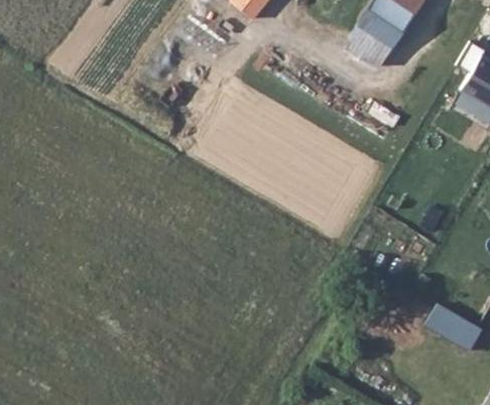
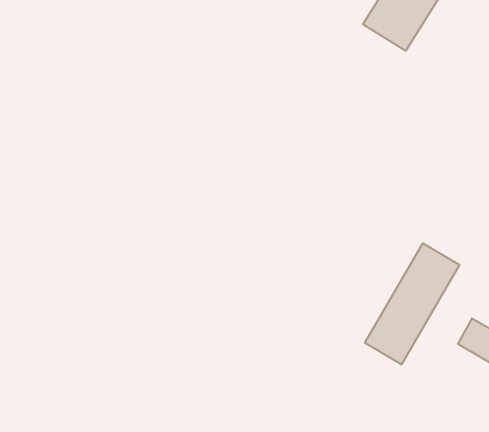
building: none -> [365,243,459,365]

